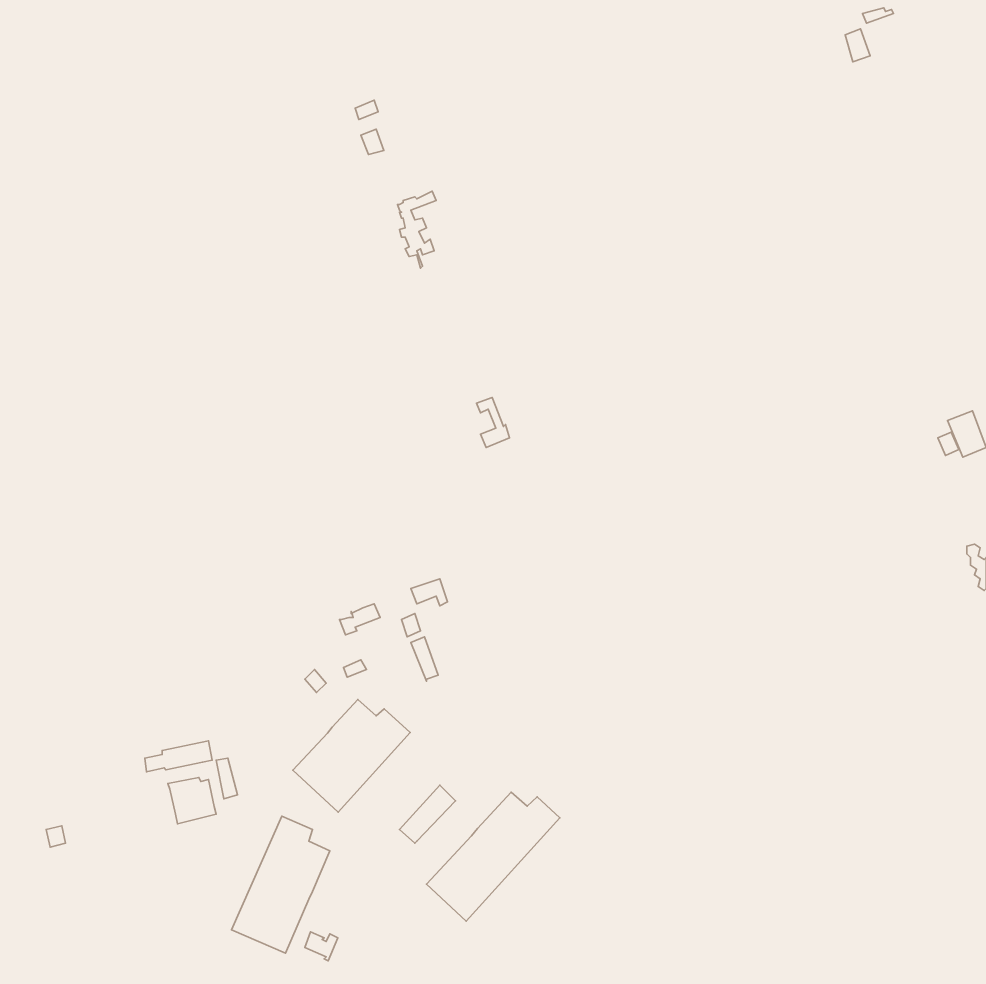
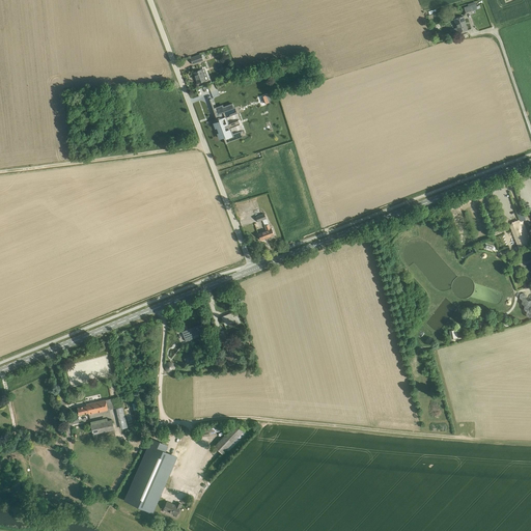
building: [293,699,410,812] -> none
building: [427,792,560,921] -> none

